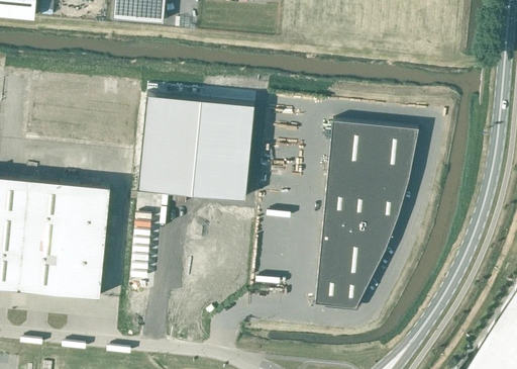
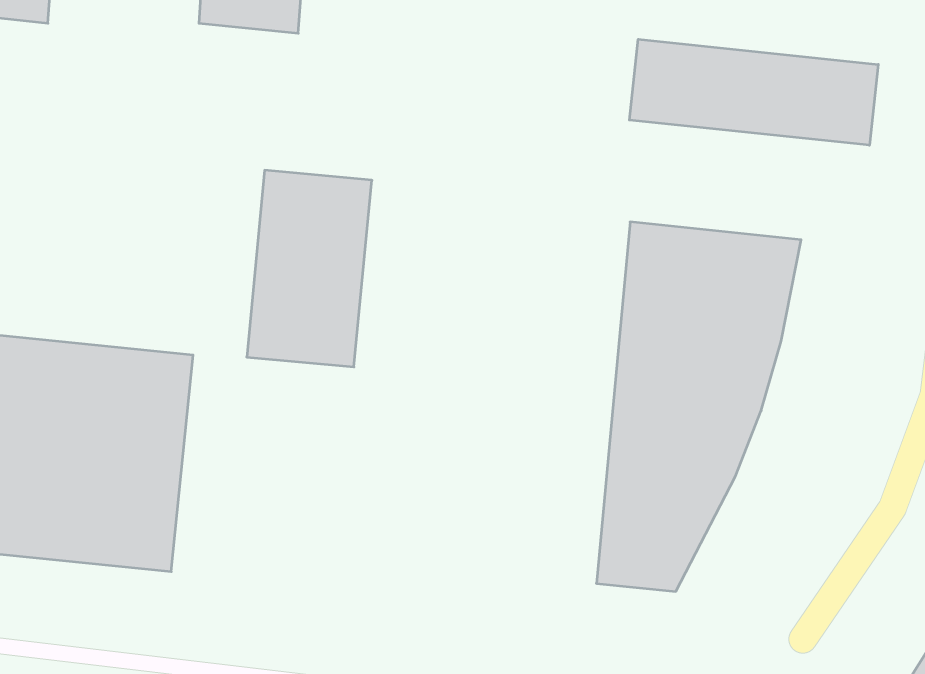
building: none -> [629,39,878,145]
building: [192,100,254,200] -> none

